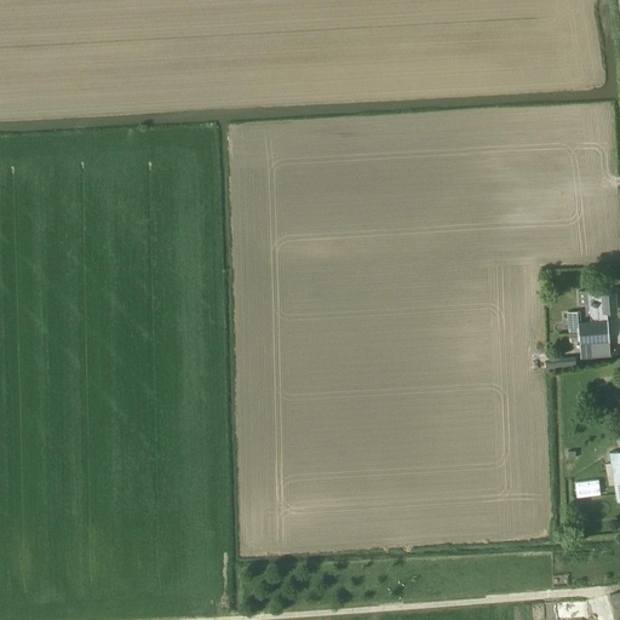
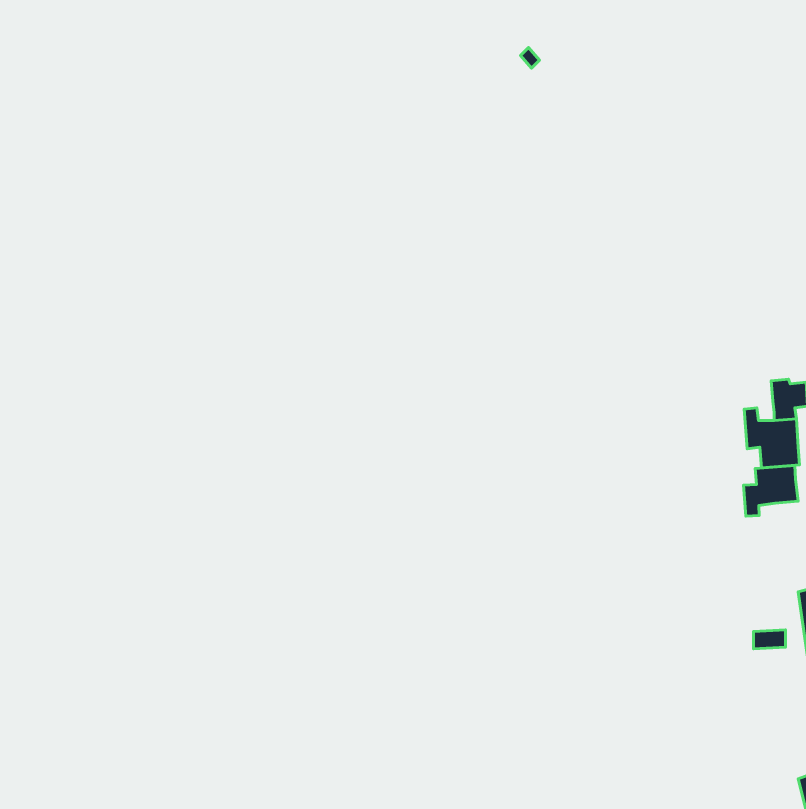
building: none -> [743,465,798,516]

